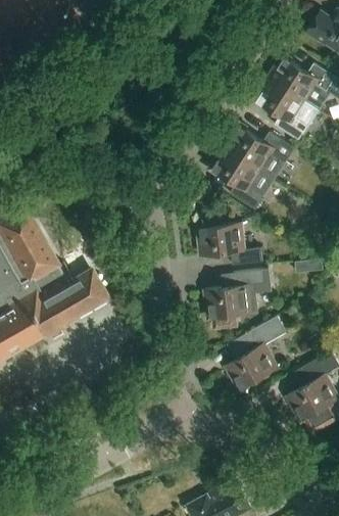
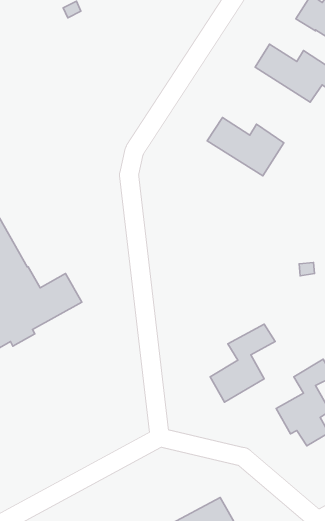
building: [255,79,320,142] -> none
building: [210,147,276,210] -> none
building: [198,224,263,266] -> none
building: [205,270,265,329] -> none

